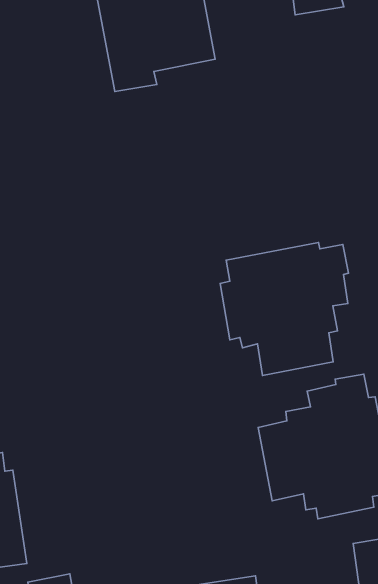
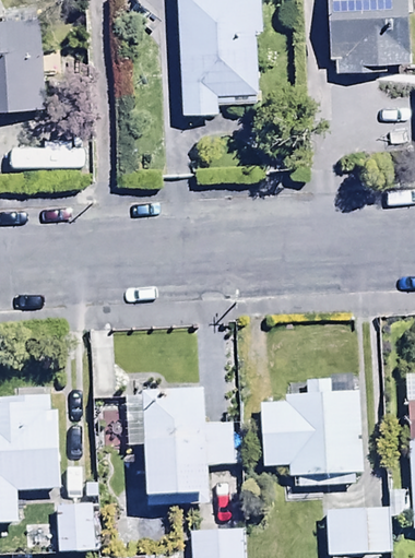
building: [220,243,348,376] -> none
building: none -> [144,384,239,504]

